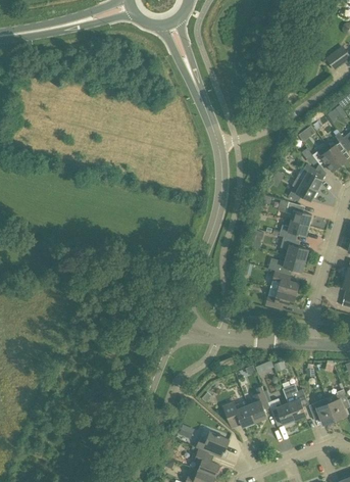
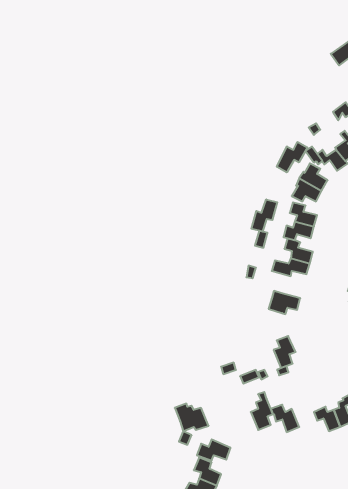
building: none -> [277,142,307,172]
building: none -> [251,199,277,232]
building: [270,271,299,295] -> none
building: [288,389,309,420] -> [274,336,296,368]
building: [222,401,255,428] -> [175,404,209,431]

